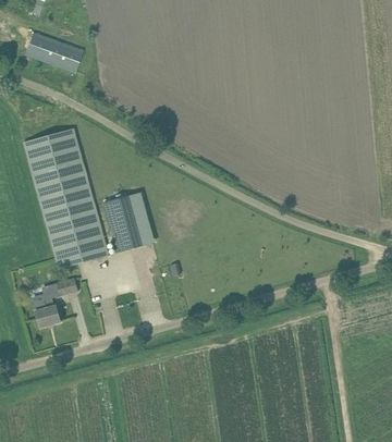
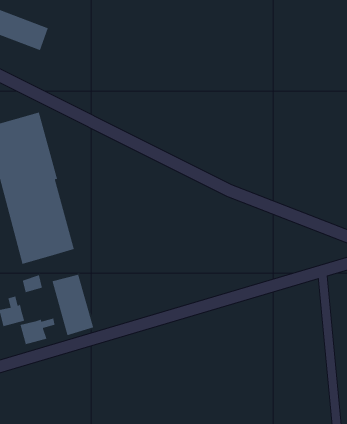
building: [105,195,144,253] -> [52,274,94,336]
building: none -> [19,318,56,345]

